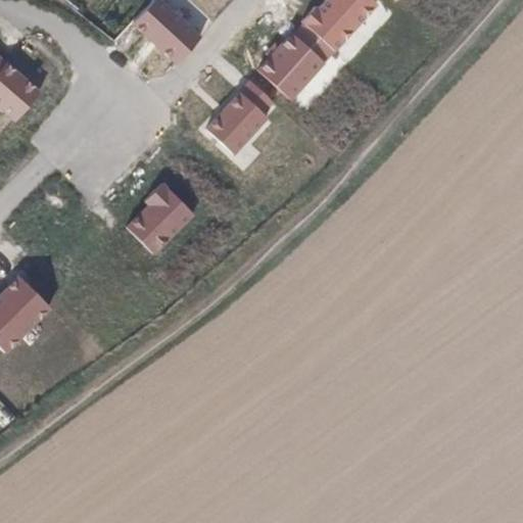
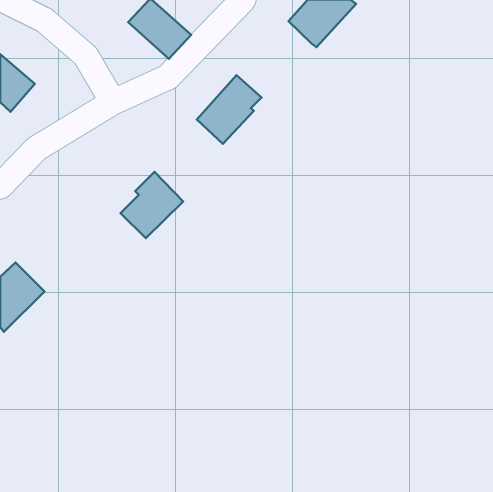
building: [262,22,330,95] -> none

